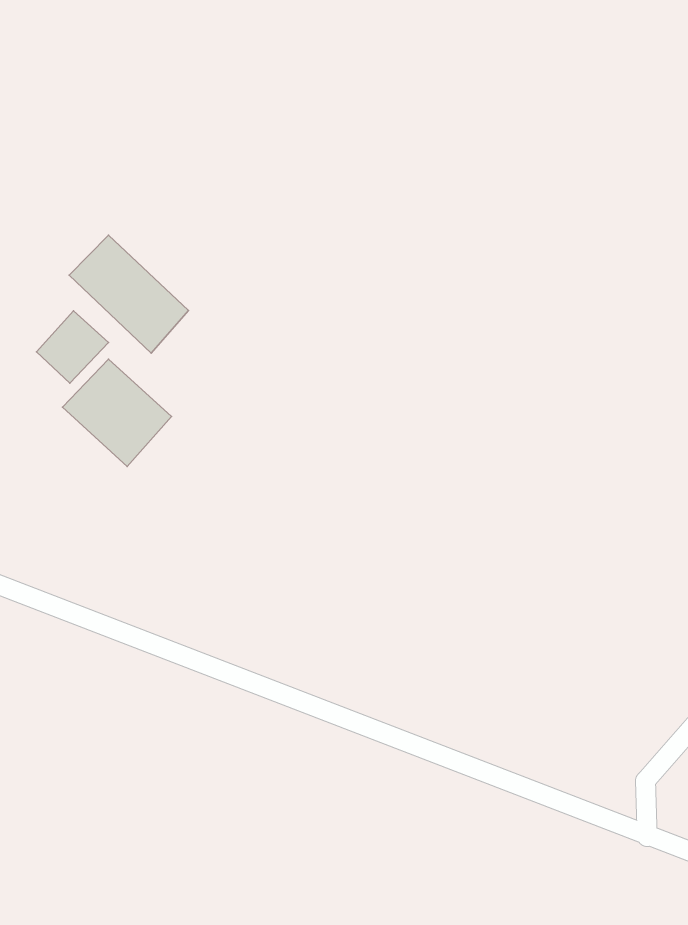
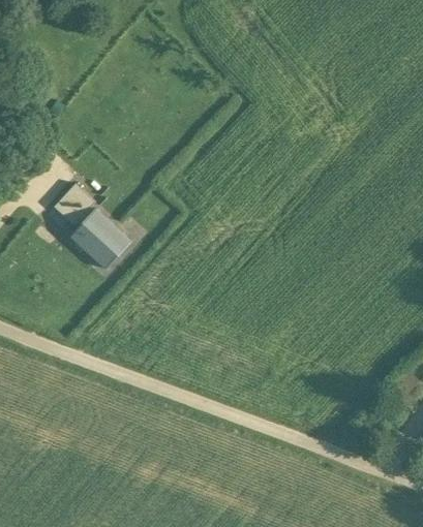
building: [69,235,188,353] -> none

